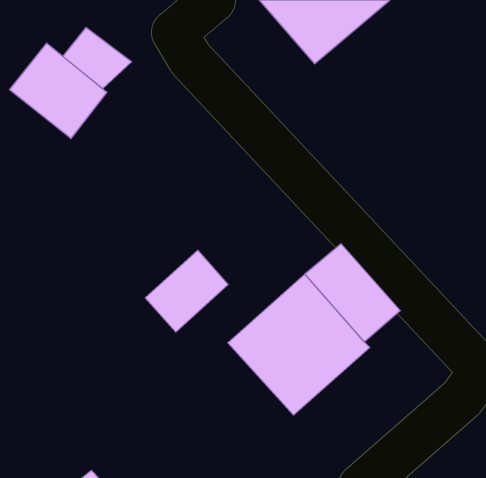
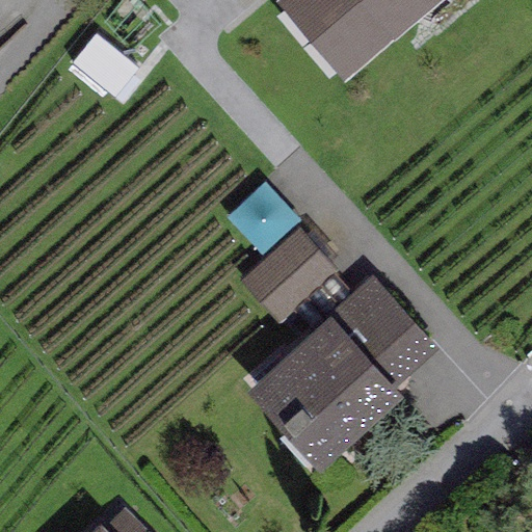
building: [10,43,107,139] -> none
building: [145,250,228,332] -> [244,232,335,321]

